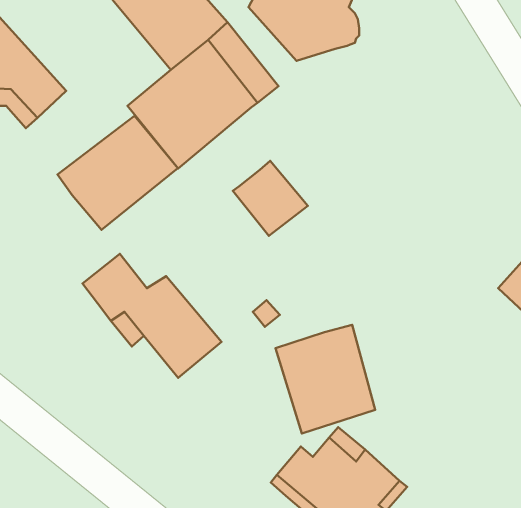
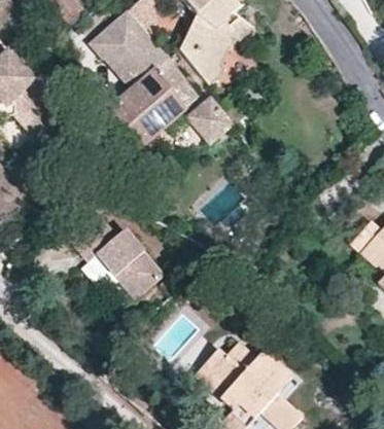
building: [58,116,178,230] -> none
building: [233,161,308,236] -> [183,96,235,147]
building: [276,325,375,433] -> none

